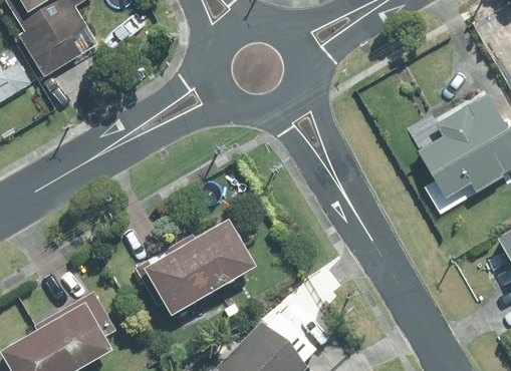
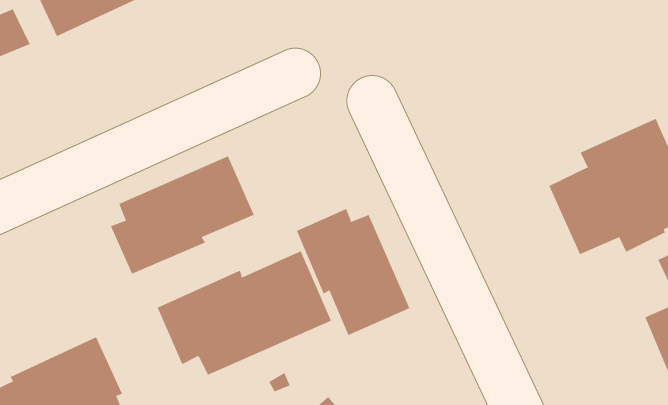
building: none -> [110,155,254,275]
building: none -> [296,208,410,336]

